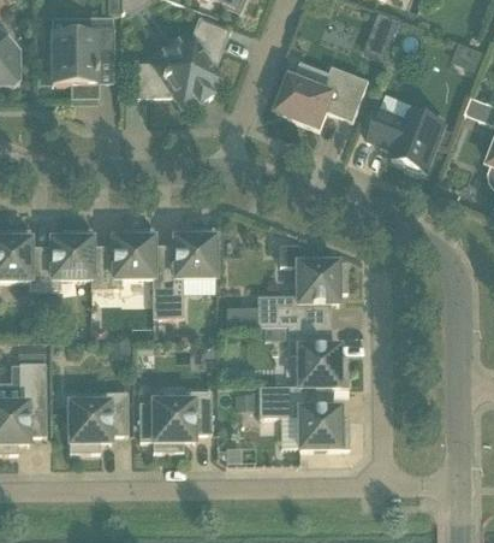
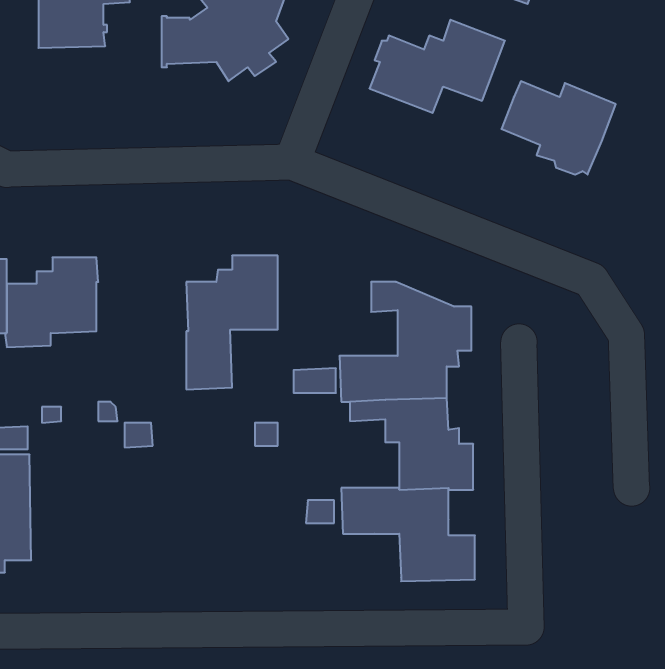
building: [90,226,153,288] -> none
building: [138,390,210,451] -> none
building: [67,391,127,453] -> none

